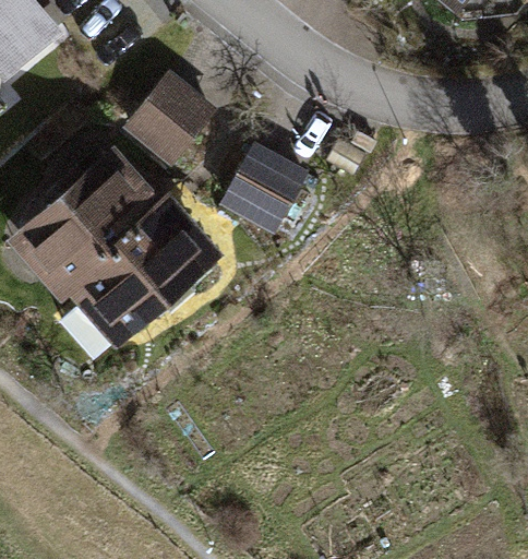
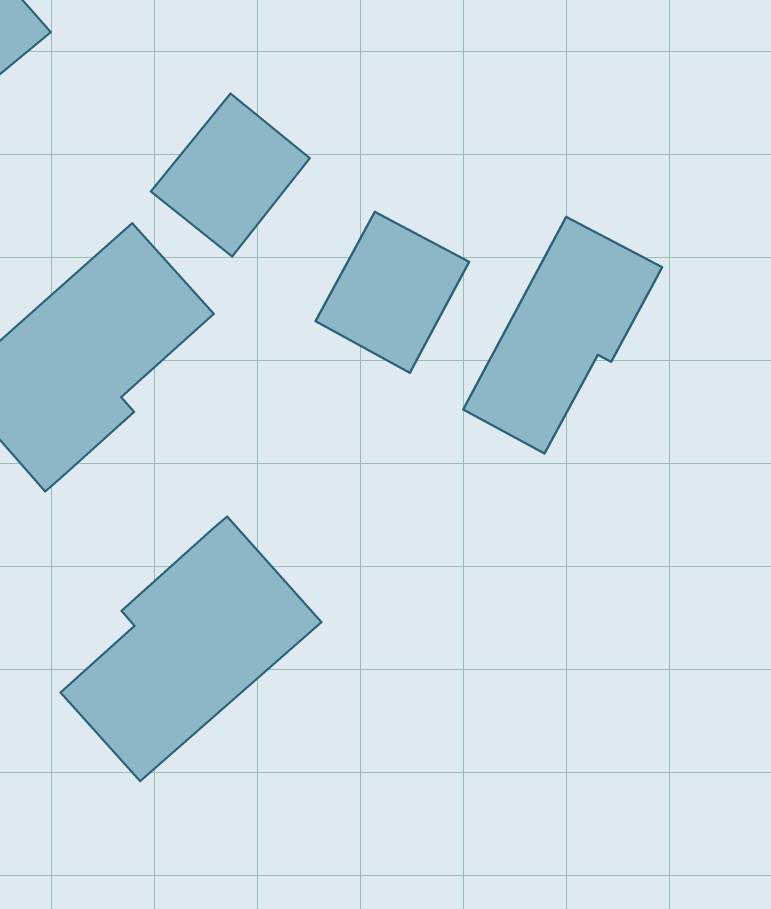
building: none -> [463,217,662,454]
building: [69,193,223,349] -> [60,516,321,781]

